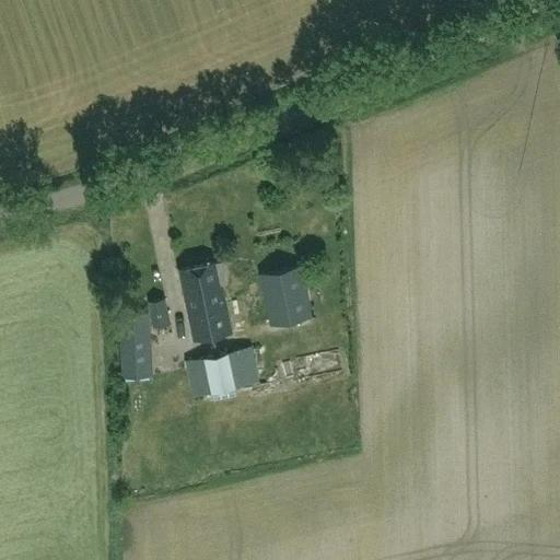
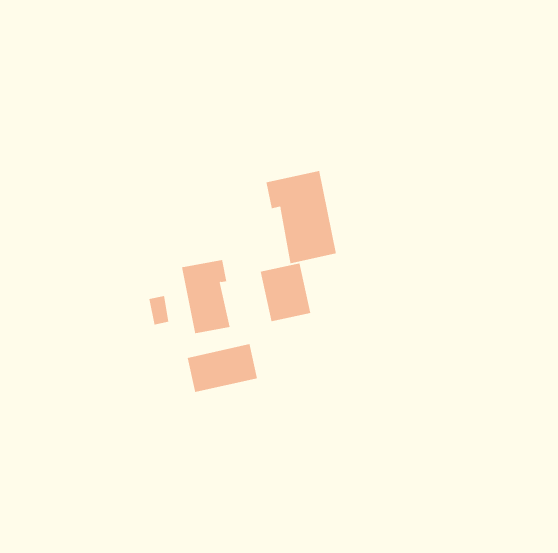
building: none -> [266,170,337,264]
building: [120,316,151,378] -> none

